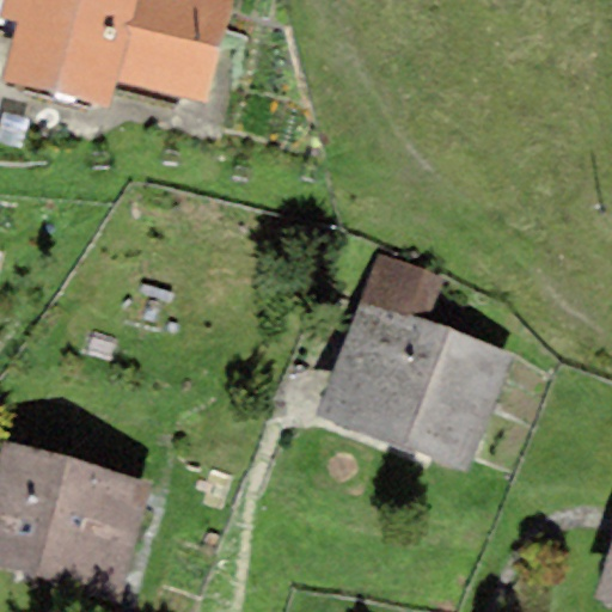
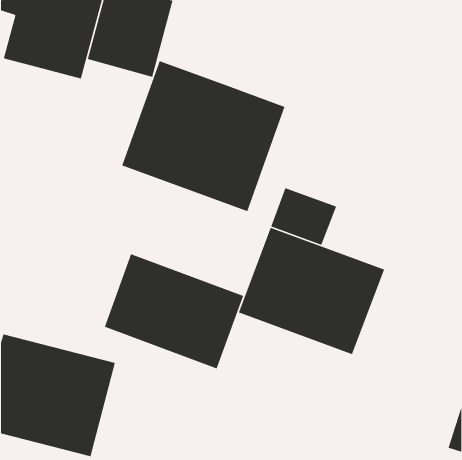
building: none -> [121,60,286,212]
building: none -> [104,253,244,369]

